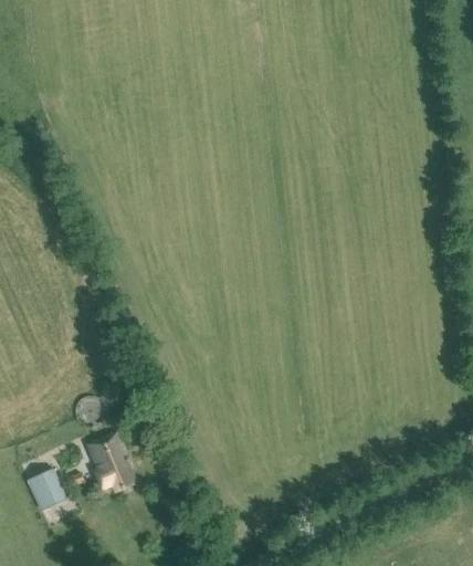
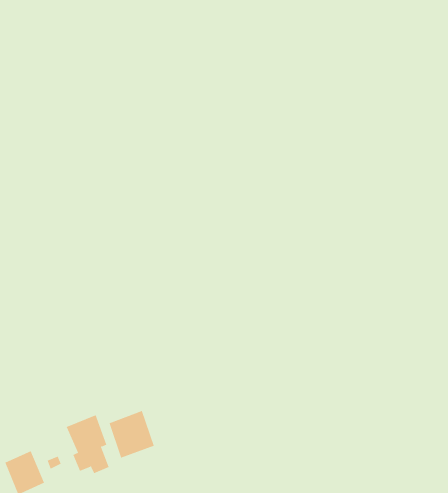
building: none -> [109,410,154,458]

